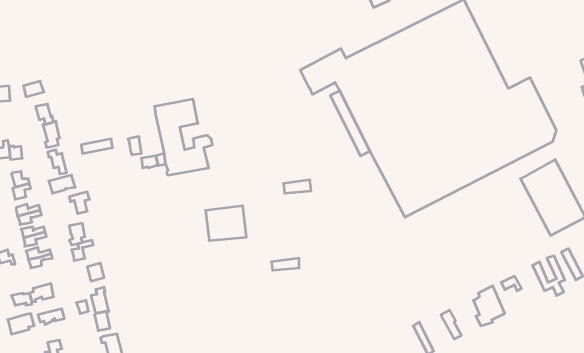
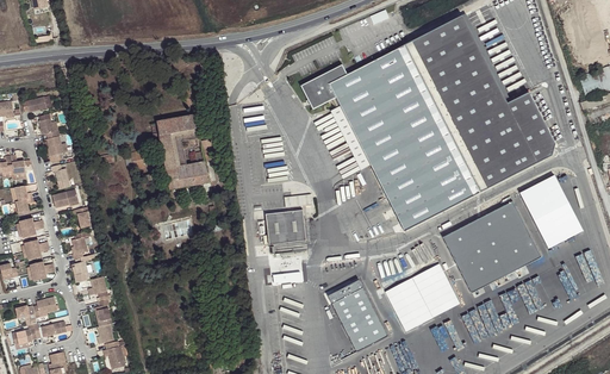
building: none -> [443,200,542,292]
building: [205,206,246,241] -> [266,208,306,243]
building: none -> [385,262,461,331]
building: none -> [328,279,388,350]

